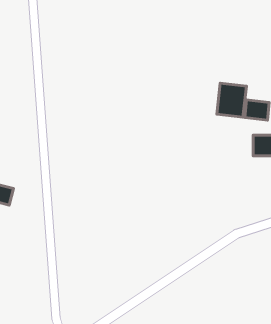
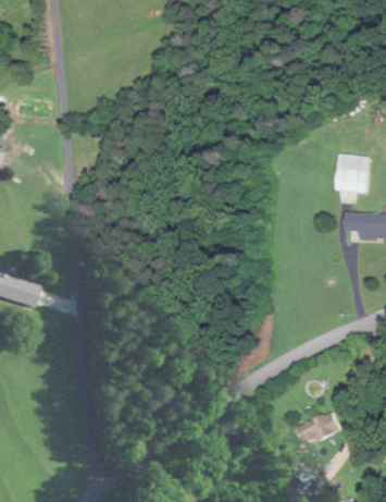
building: [217,83,246,117] -> none
building: none -> [295,412,338,444]

